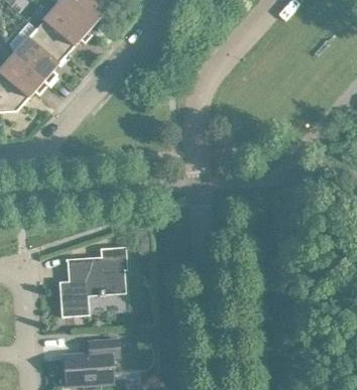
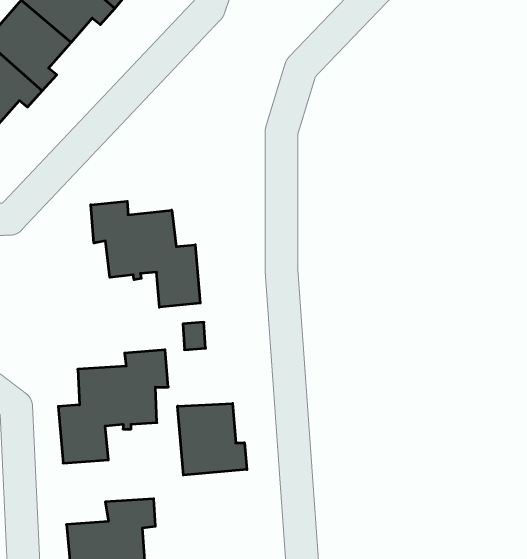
building: none -> [91,201,200,307]
building: none -> [178,403,247,475]

